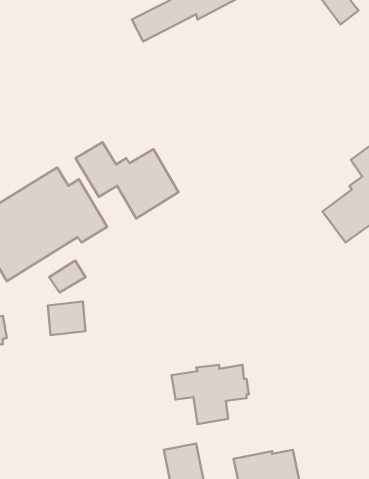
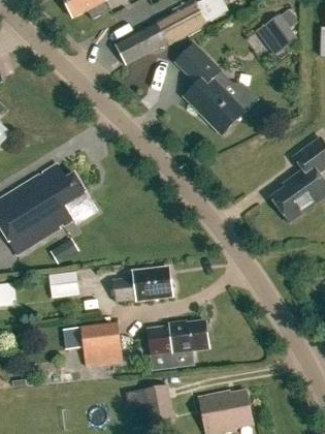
building: none -> [173,42,256,134]
building: [76,142,179,219] -> none
building: none -> [111,268,171,302]
building: none -> [64,322,123,367]

